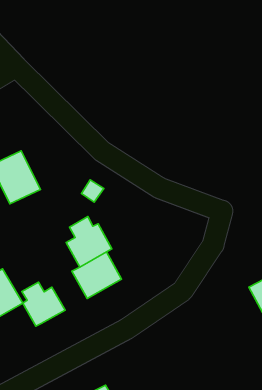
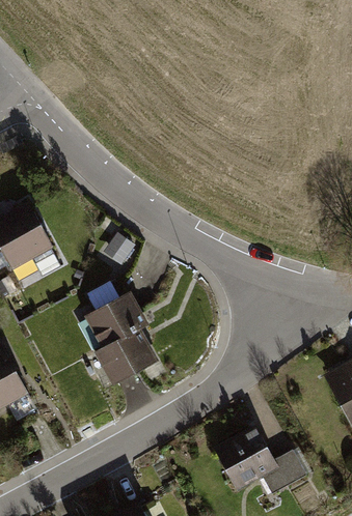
building: [22,282,65,326] -> none
building: none -> [215,427,307,494]

